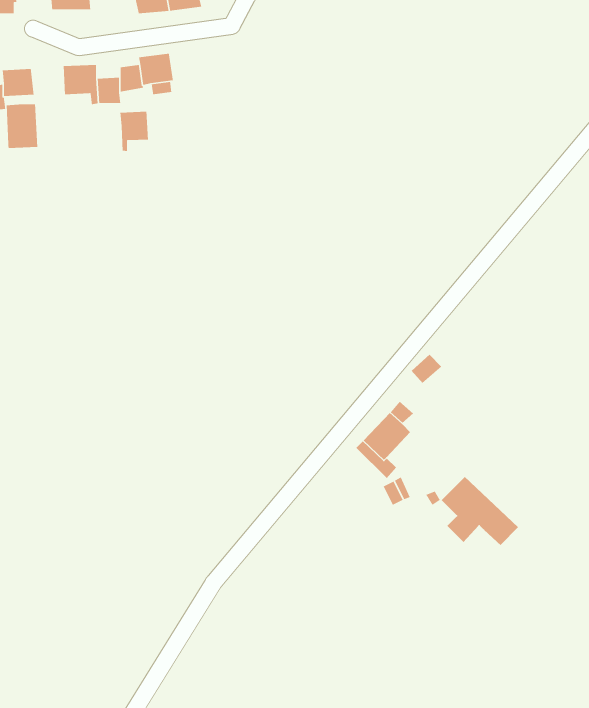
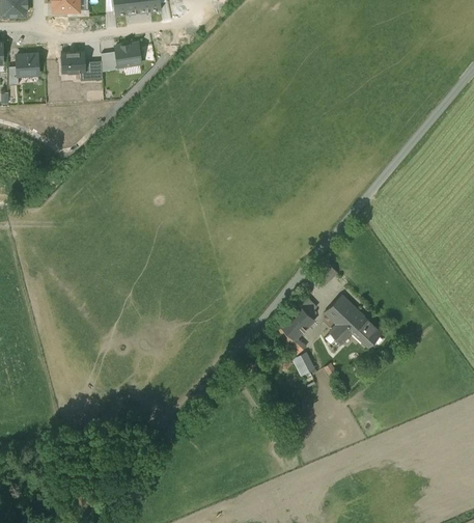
building: [6,103,38,149] -> none
building: [120,111,149,152] -> none
building: [441,476,519,546] -> [325,295,382,346]

